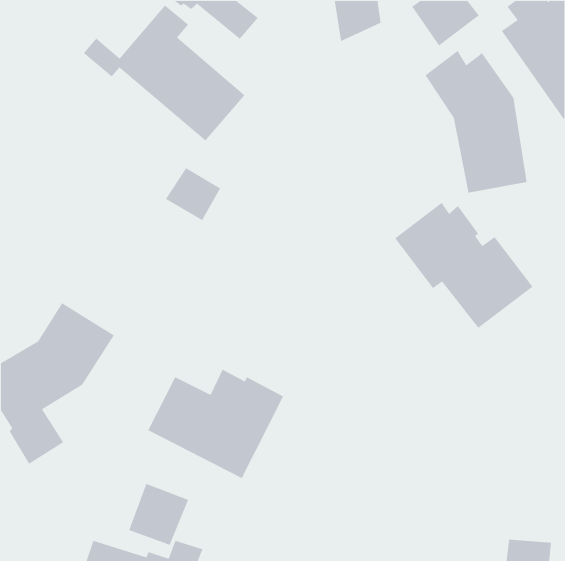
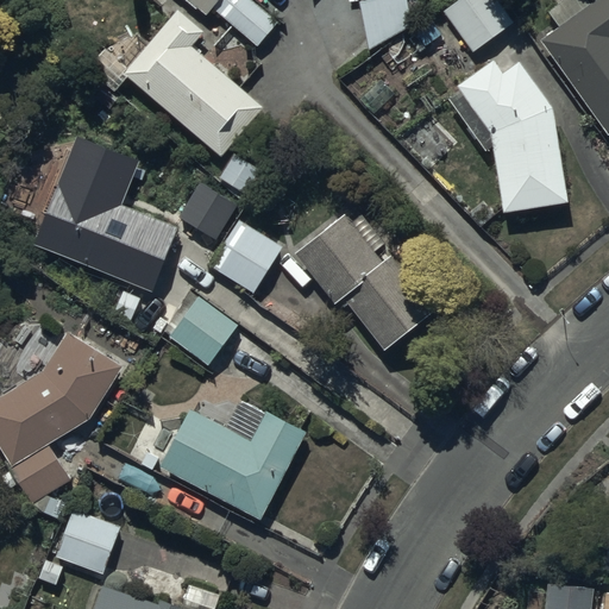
building: none -> [33,136,181,293]
building: none -> [211,221,282,295]
building: [394,202,534,329] -> [293,212,442,349]
building: none -> [161,293,238,369]
building: [128,483,189,546] -> [55,508,120,576]

